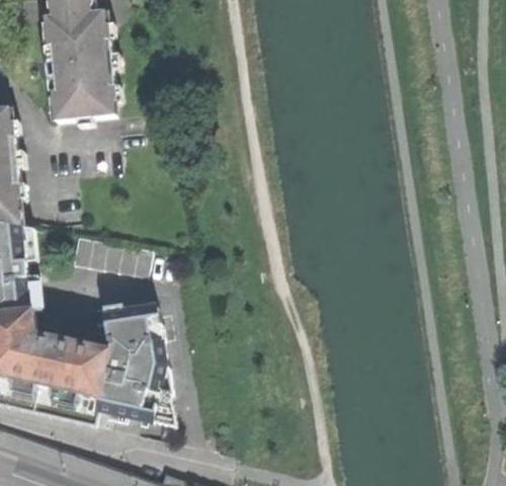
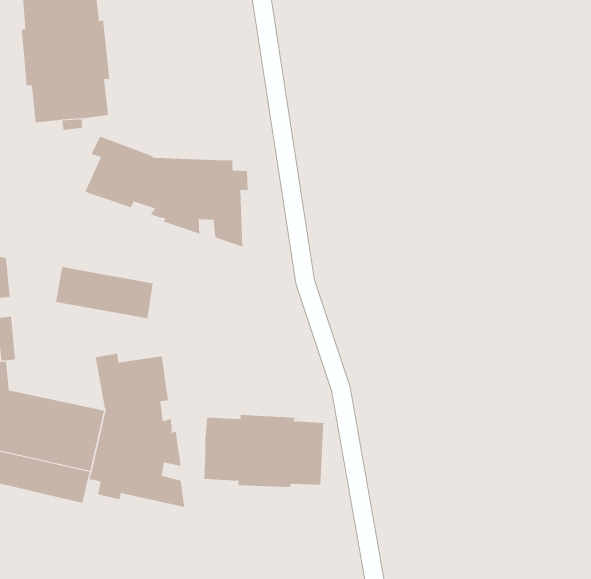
building: none -> [84,136,248,247]
building: none -> [204,414,324,488]

